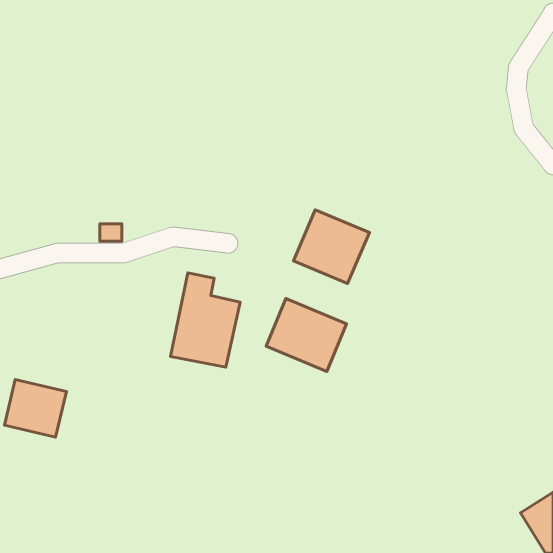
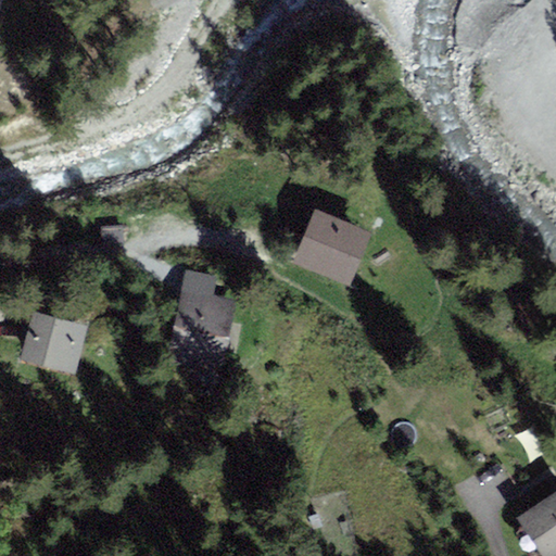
building: [266,299,346,372] -> none
building: [4,380,66,437] -> [23,313,85,370]

